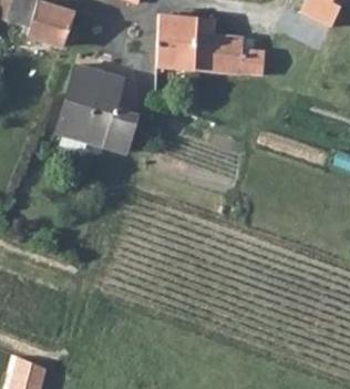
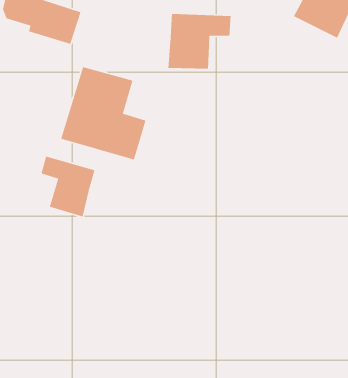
building: [197,37,268,71] -> none
building: none -> [41,156,96,217]

